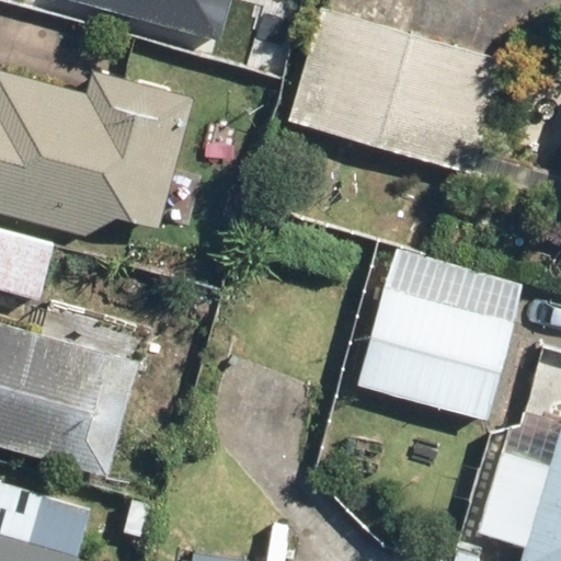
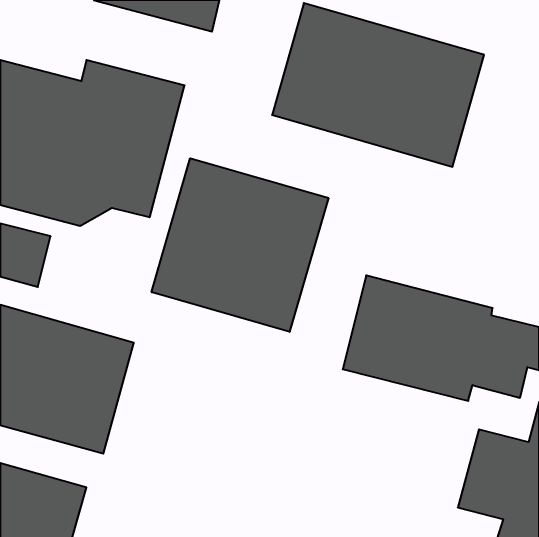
building: none -> [152,158,328,332]

